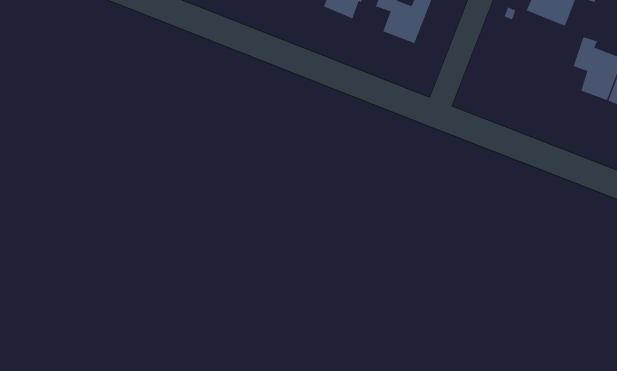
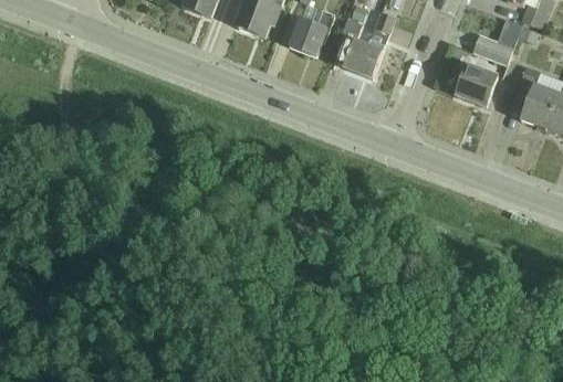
building: none -> [455,64,498,106]

